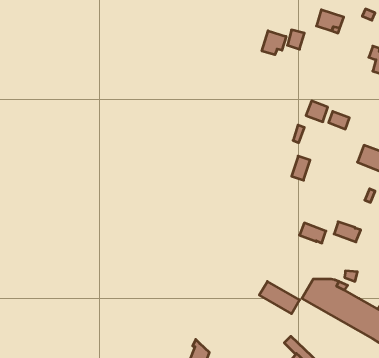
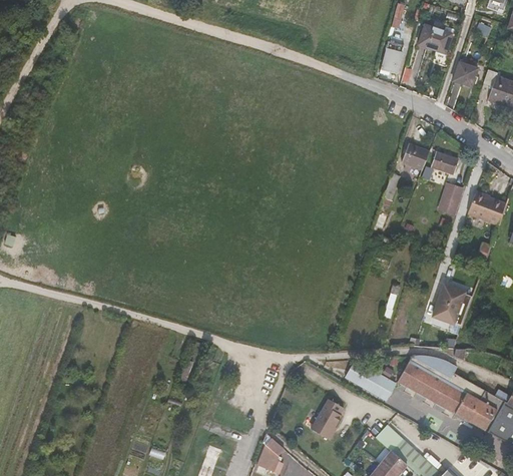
building: [262,31,286,55] -> none
building: none -> [452,62,478,87]
building: [292,156,310,180] -> [440,183,463,213]
building: [299,223,326,243] -> [433,303,466,328]
building: none -> [313,401,345,441]

